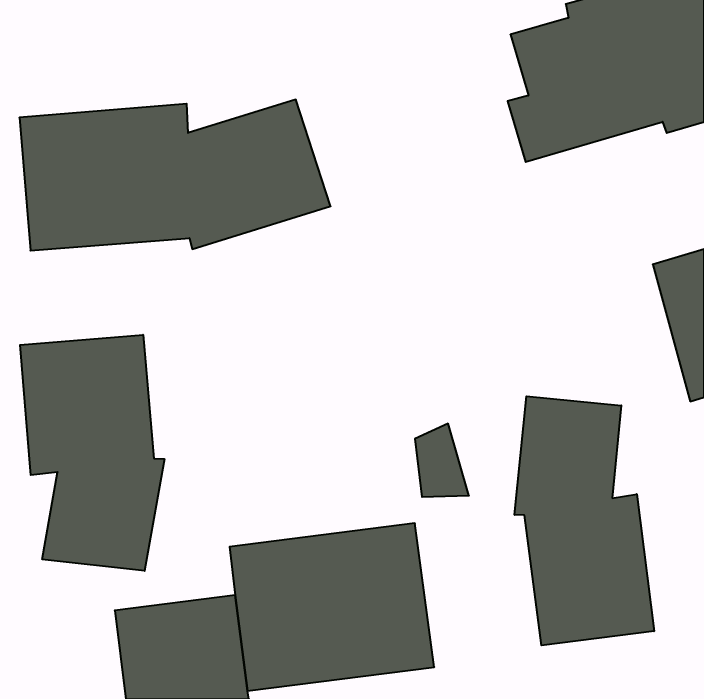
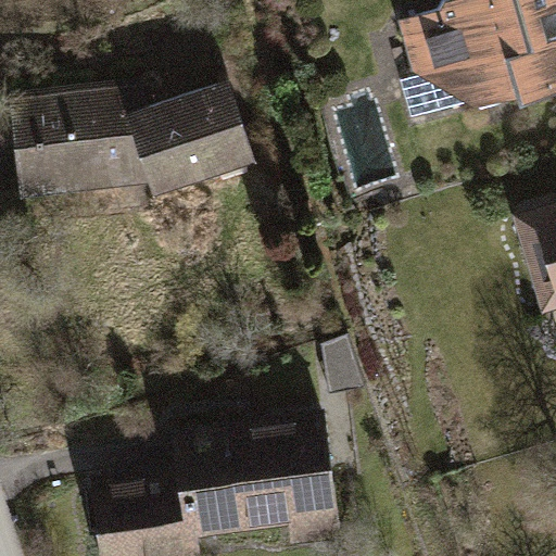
building: [20,335,164,571] -> none
building: [515,396,654,645] -> none

